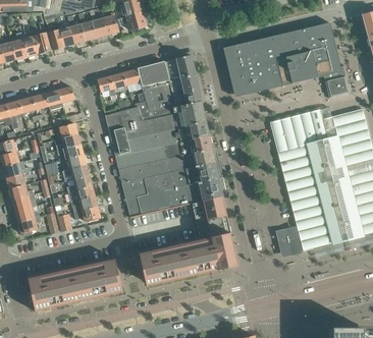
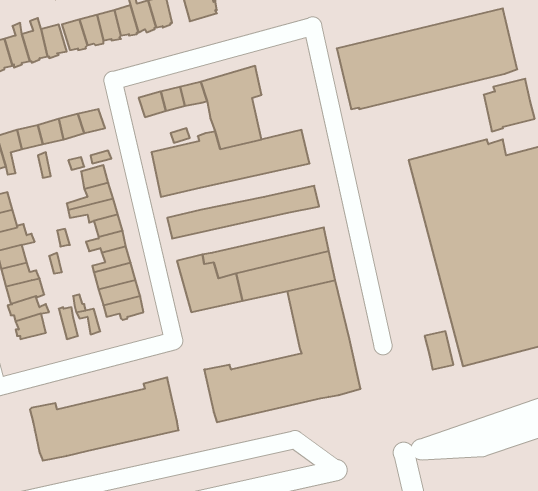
building: [169,55,201,106] -> none
building: [111,121,209,156] -> none
building: [118,149,215,183] -> none

